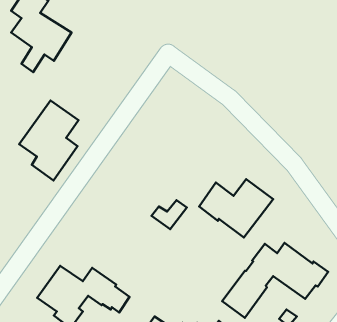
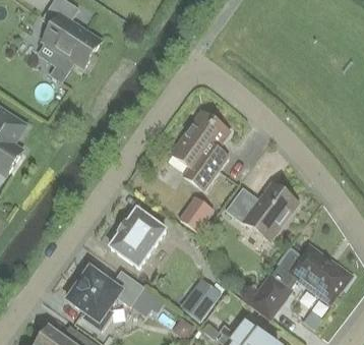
building: [19,100,79,180] -> [170,111,228,189]
building: none -> [109,209,165,267]
building: none -> [184,280,219,319]

